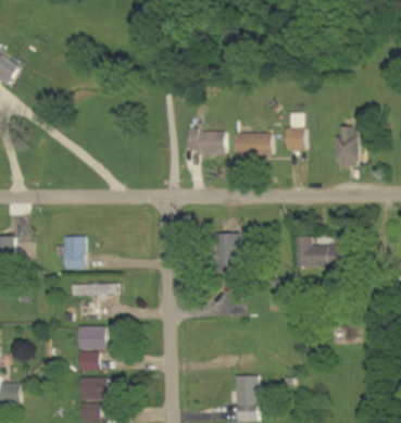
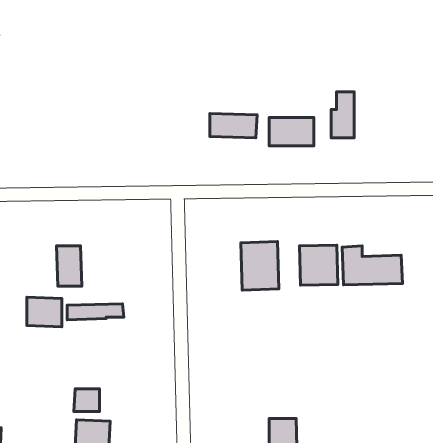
building: [335,125,358,166] -> none
building: none -> [300,245,338,285]
building: [77,325,105,349] -> [27,297,62,327]

